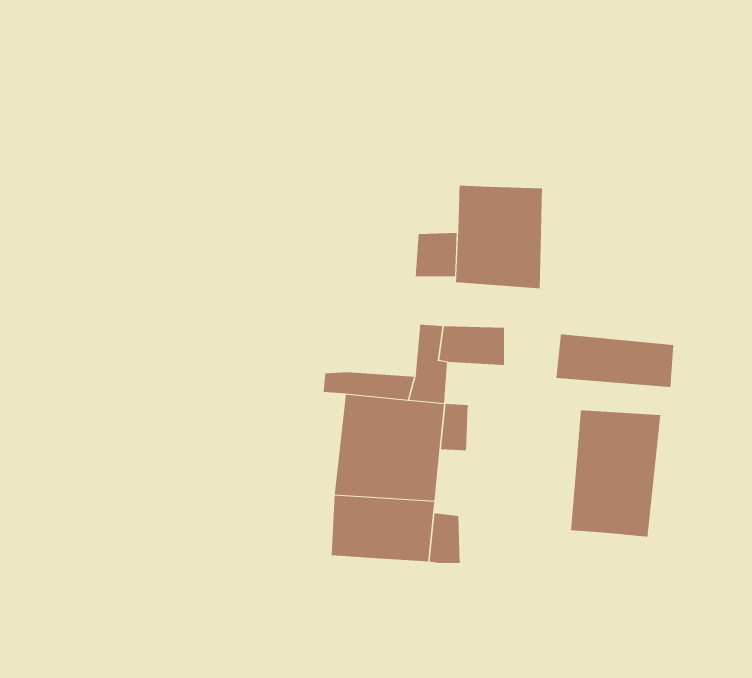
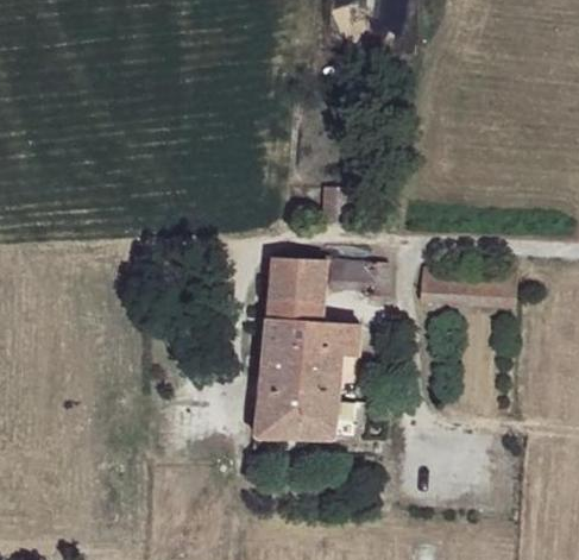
building: [456,185,543,289] -> none
building: none -> [266,256,321,301]
building: [570,410,661,537] -> none

